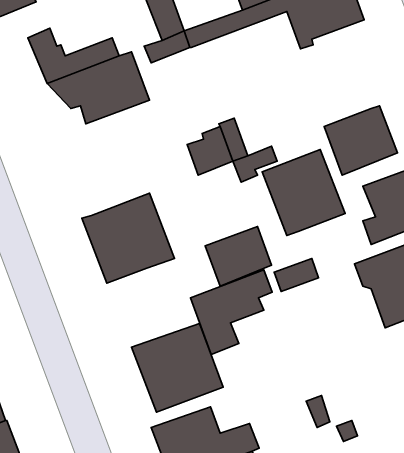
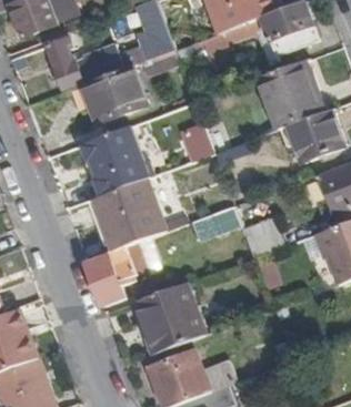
building: none -> [81,125,154,195]
building: [262,150,345,236] -> [258,59,324,128]
building: [190,270,272,355] -> [86,237,151,305]

